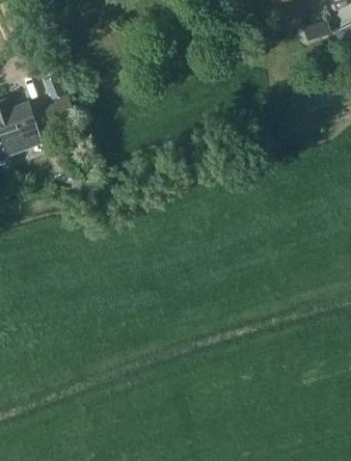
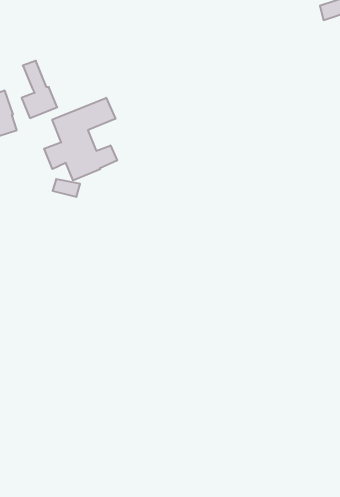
building: none -> [44,98,117,180]

